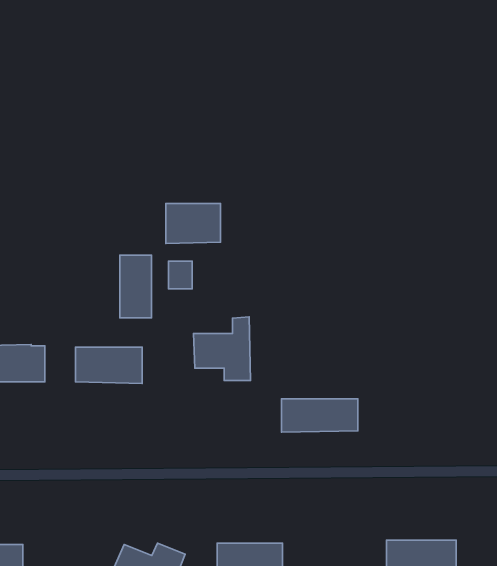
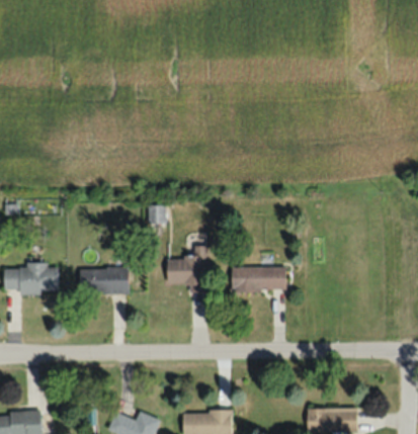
building: [166,203,220,244] -> none
building: [120,255,151,318] -> none
building: [281,399,358,432] -> [231,267,286,291]

